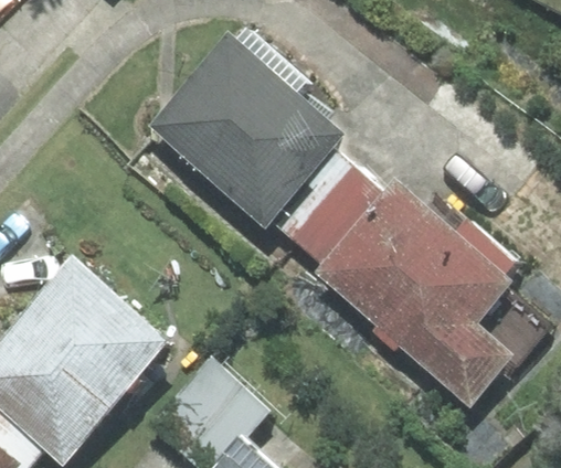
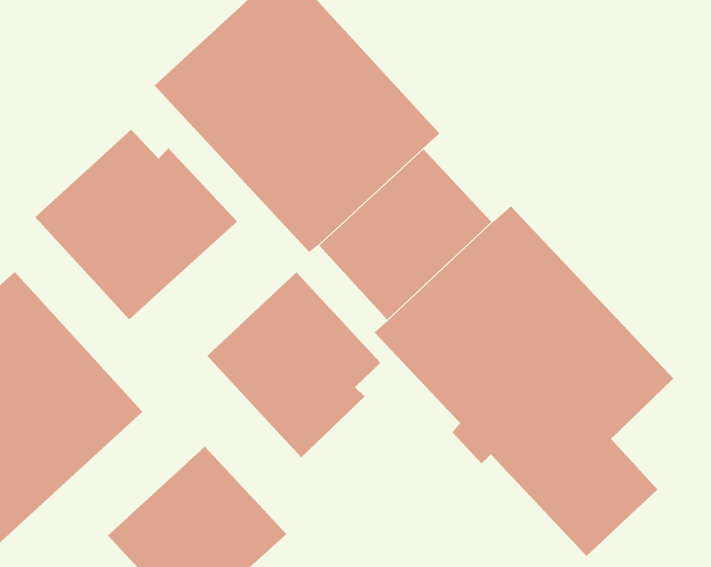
building: none -> [34,129,238,320]
building: none -> [206,271,381,458]

